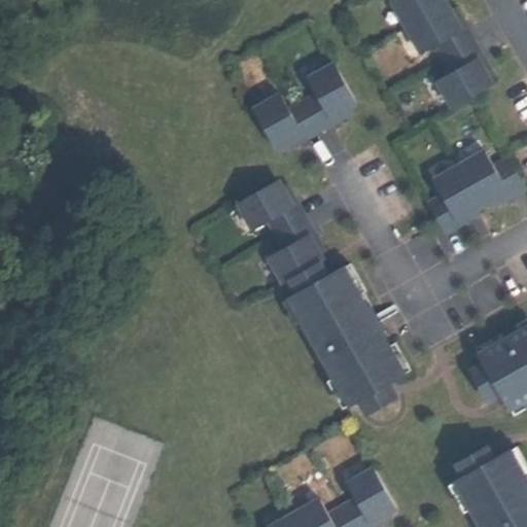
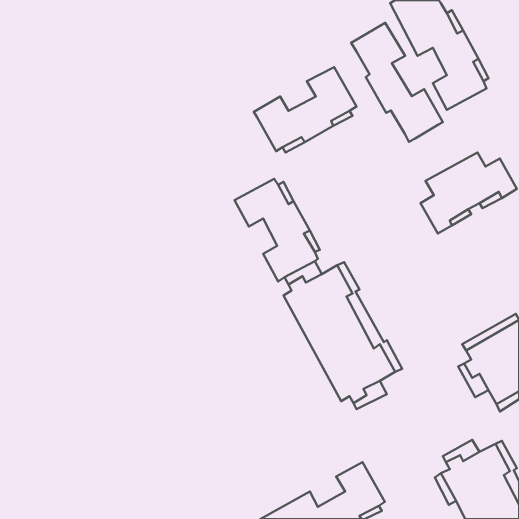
building: none -> [351,23,443,142]

